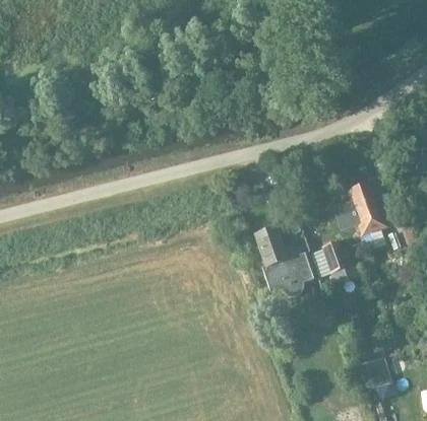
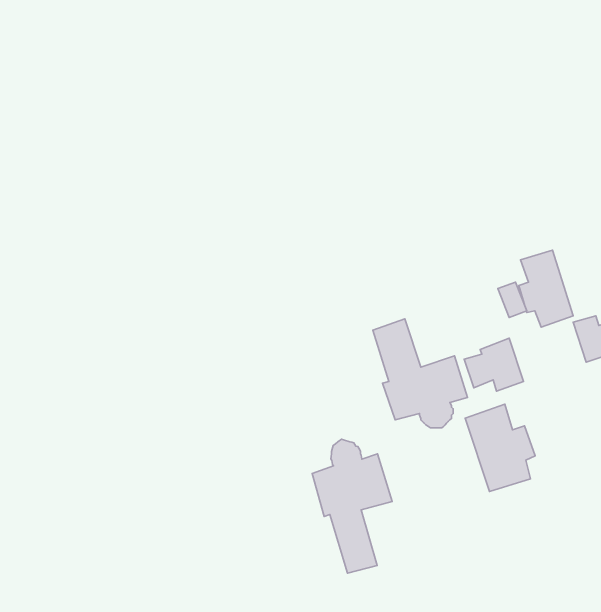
building: none -> [465,404,535,491]
building: none -> [312,439,392,573]

